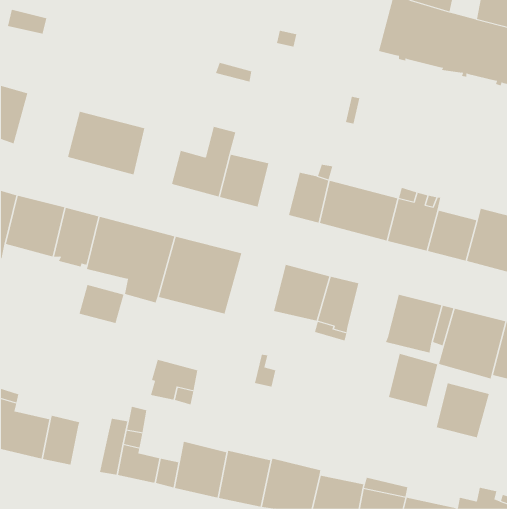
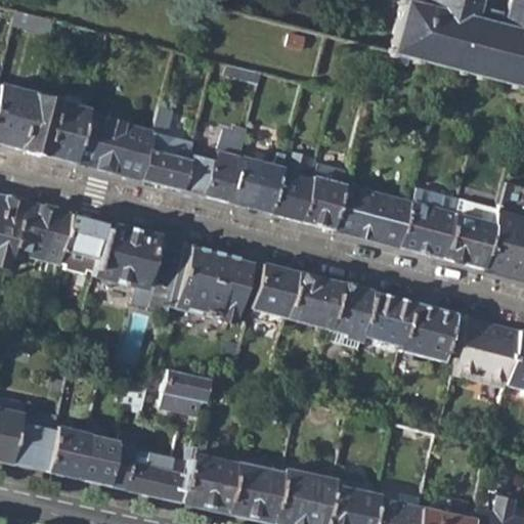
building: none -> [18,95,86,161]
building: none -> [141,104,191,188]
building: none -> [268,149,315,220]
building: none -> [248,262,296,324]
building: [79,284,124,324] -> none
building: [388,353,438,407] -> [360,290,411,345]
building: [436,383,490,438] -> none
building: none -> [77,435,115,483]

